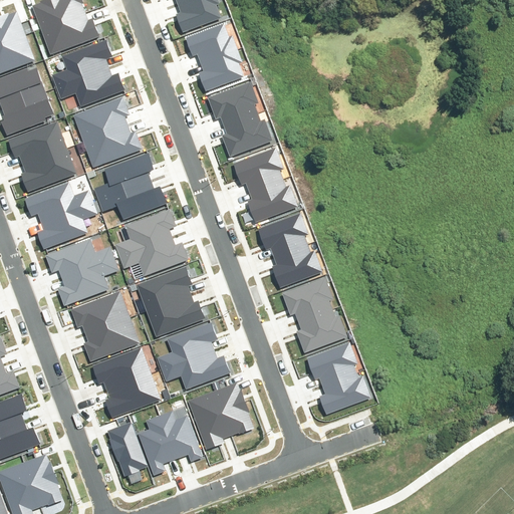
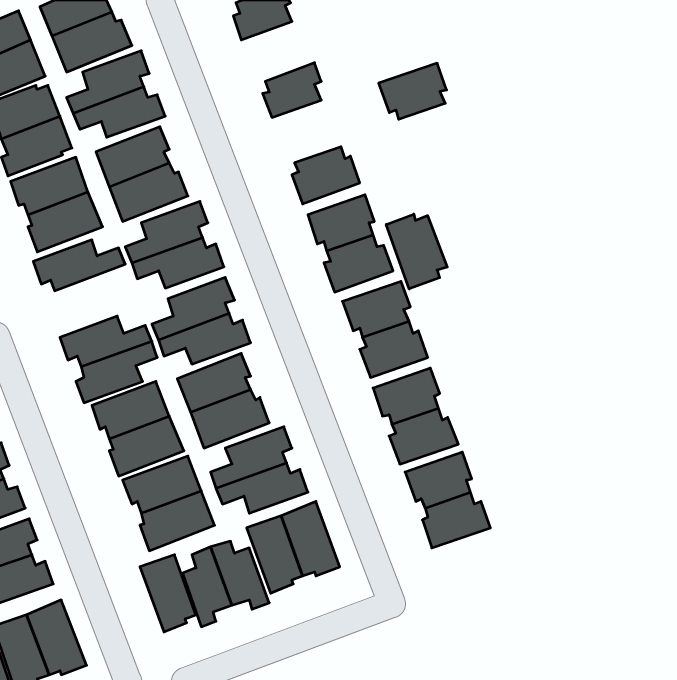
building: [186,24,237,62] -> none
building: [207,81,258,123] -> [379,63,447,119]
building: none -> [386,214,447,289]
building: [37,200,98,247] -> none

